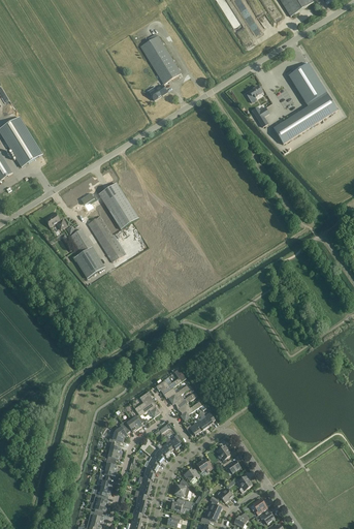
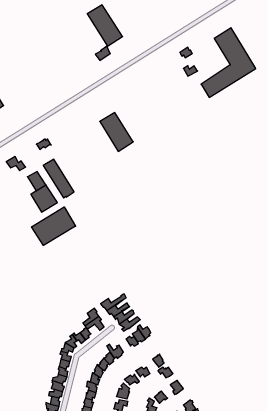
building: [98,183,137,228] -> [100,113,133,151]
building: none -> [32,207,76,245]

